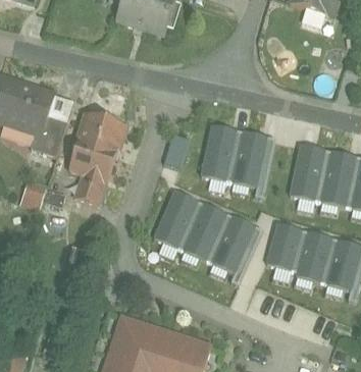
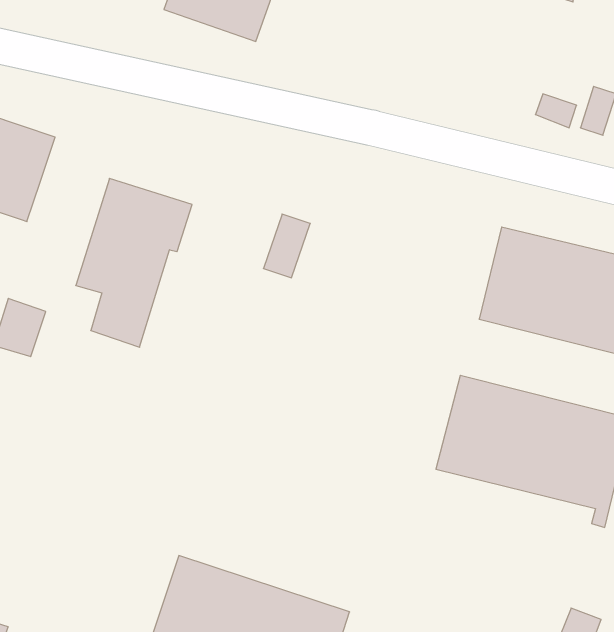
building: [32,115,66,156] -> none
building: [194,121,271,195] -> none
building: [149,188,258,280] -> none

